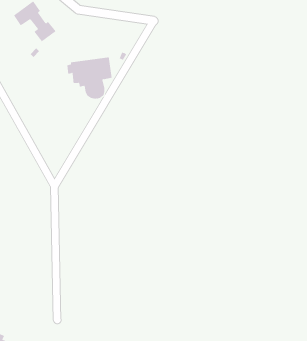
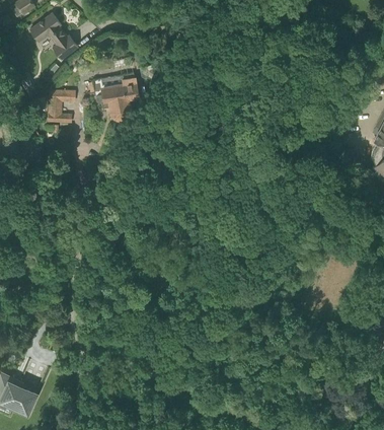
building: none -> [49,91,76,125]

